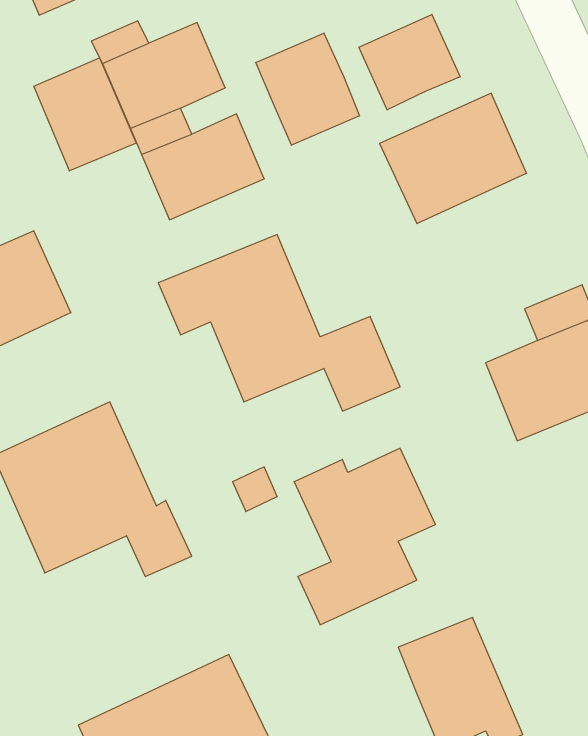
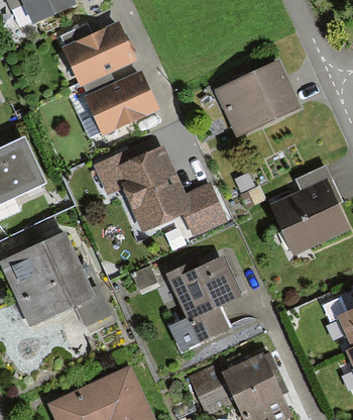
building: [359,14,460,110] -> none
building: [256,33,359,145] -> none
building: [34,58,136,171] -> none
building: none -> [191,364,234,403]

